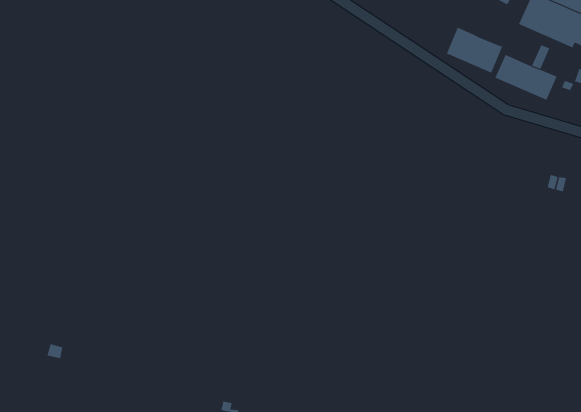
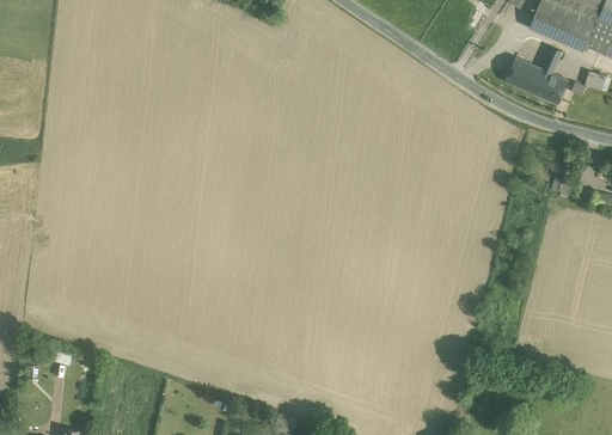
building: [446,27,503,74] -> none

